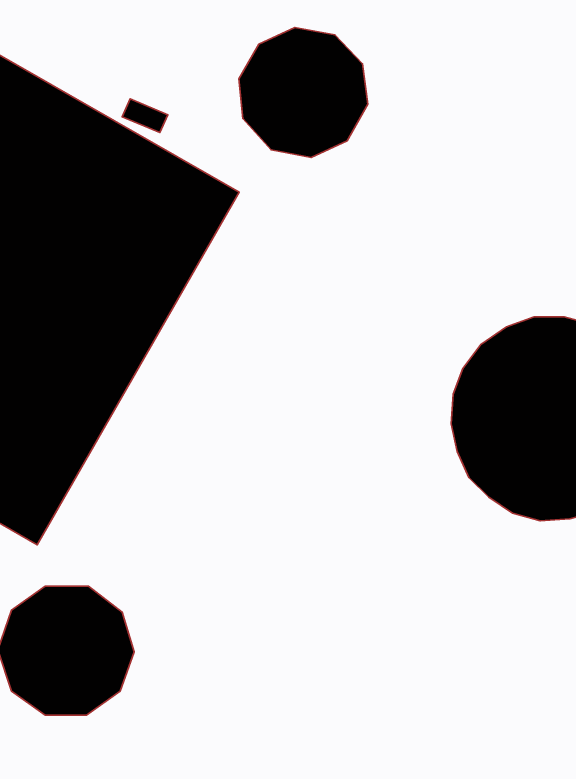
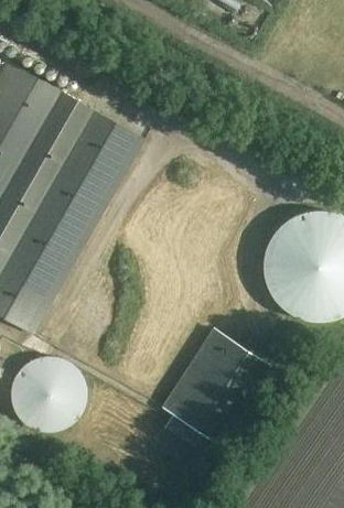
building: [239,27,368,157] -> none
building: none -> [161,327,271,445]

